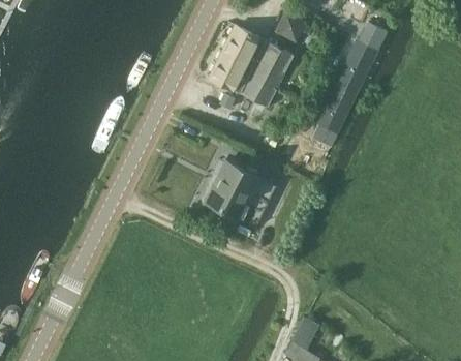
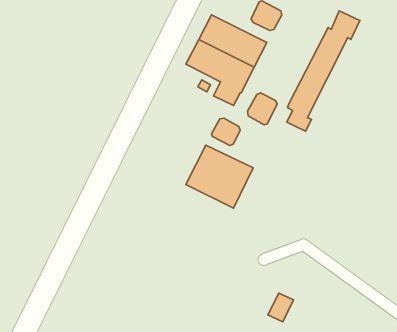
building: none -> [247,93,277,125]
building: none -> [211,118,240,145]

